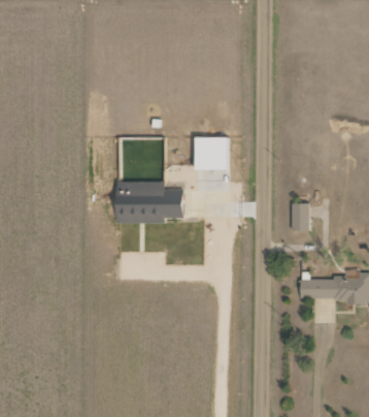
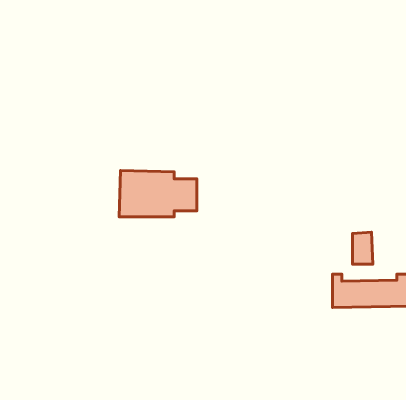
building: [195,136,228,168] -> none
building: [292,202,309,230] -> [353,232,373,264]

